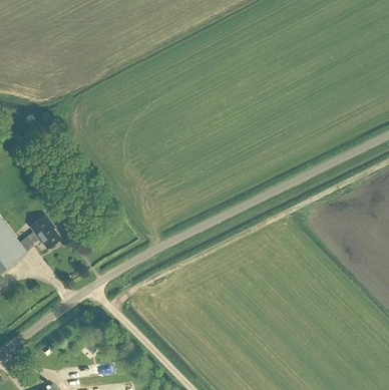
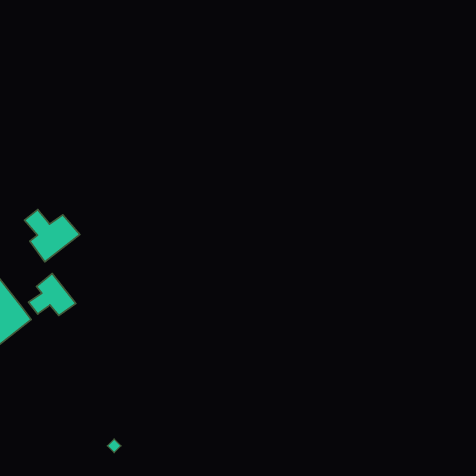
building: none -> [24,210,80,262]

